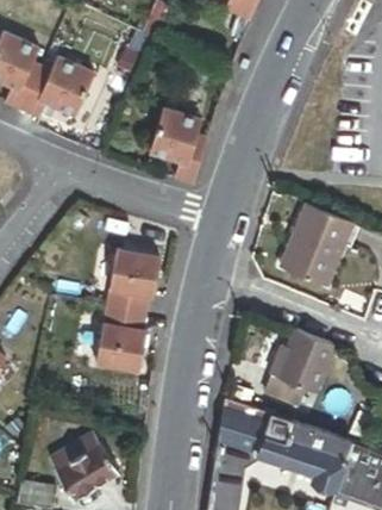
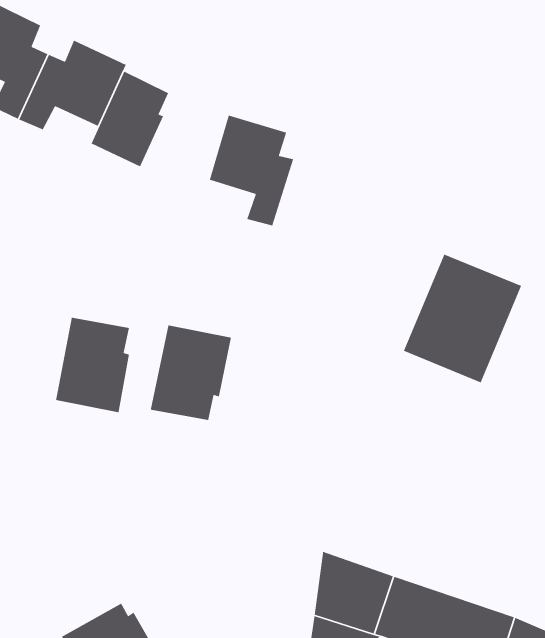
building: none -> [91,71,169,168]
building: [98,306,148,371] -> [55,317,130,413]
building: [268,328,339,394] -> none

